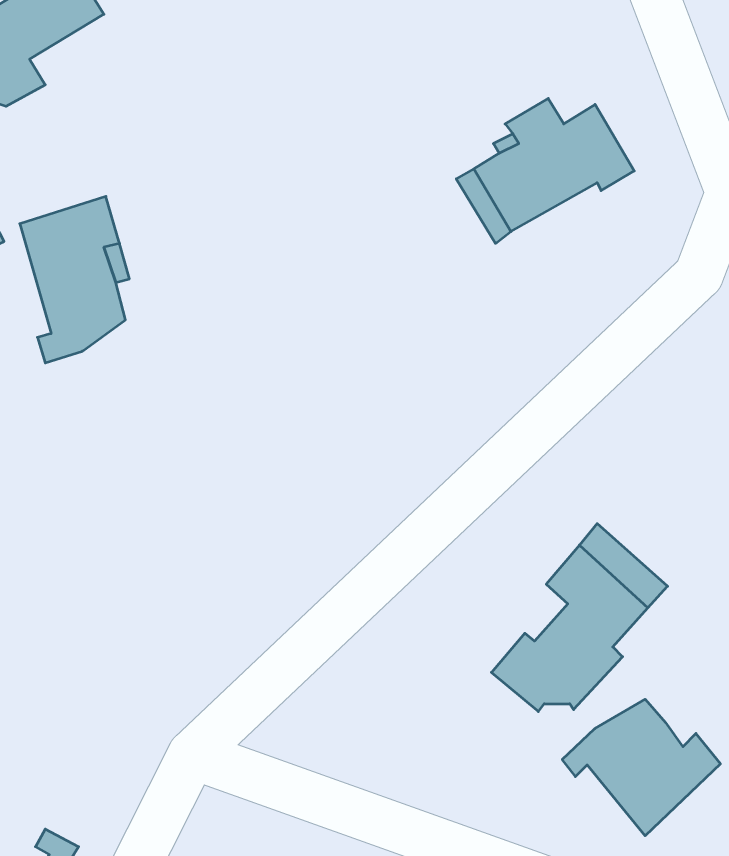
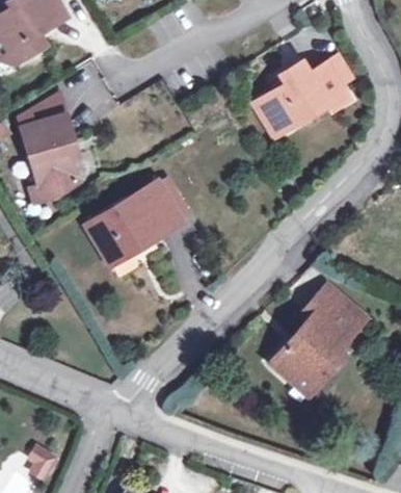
building: none -> [88,181,182,262]
building: [562,699,720,836] -> none

